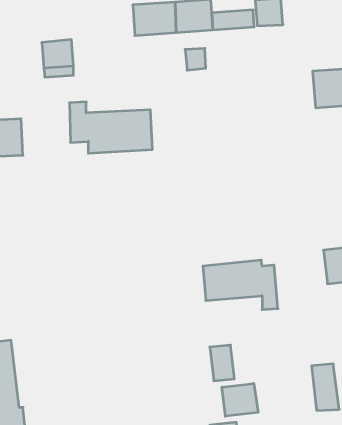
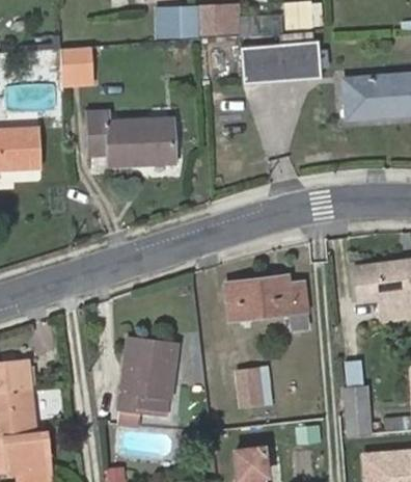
building: none -> [242,42,322,83]
building: none -> [118,338,176,428]
building: [222,383,258,416] -> none

